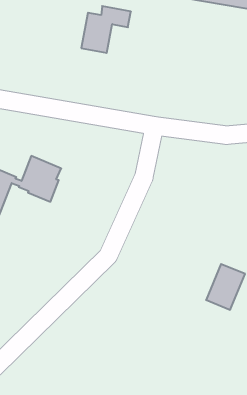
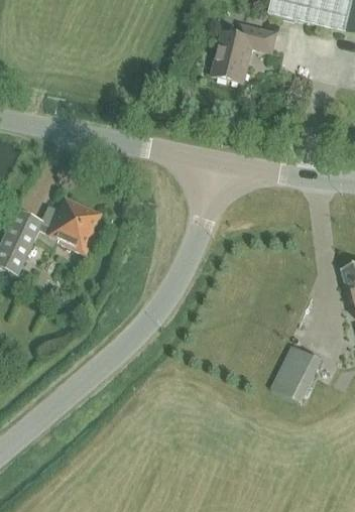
building: [81,6,131,53] -> [212,23,276,82]

